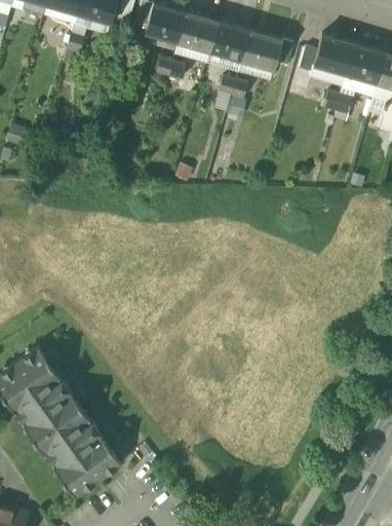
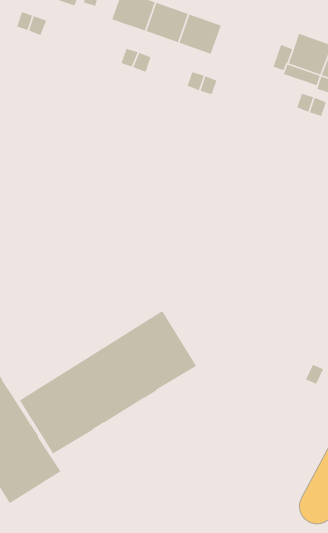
building: [240,32,281,70] -> none
building: none -> [19,310,197,454]

